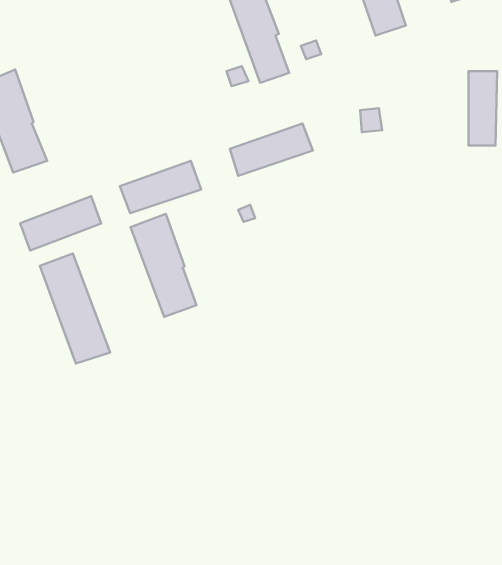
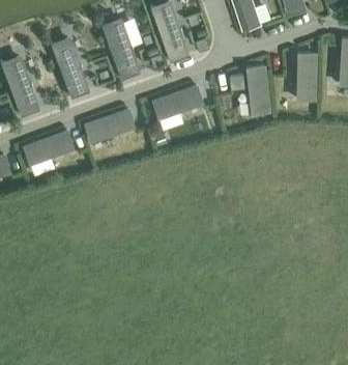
building: none -> [99,16,140,79]
building: none -> [246,65,269,114]
building: [130,214,196,317] -> [49,34,89,97]
building: [40,253,110,363] -> none

